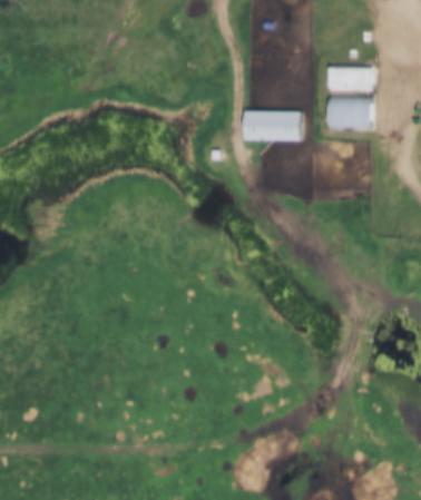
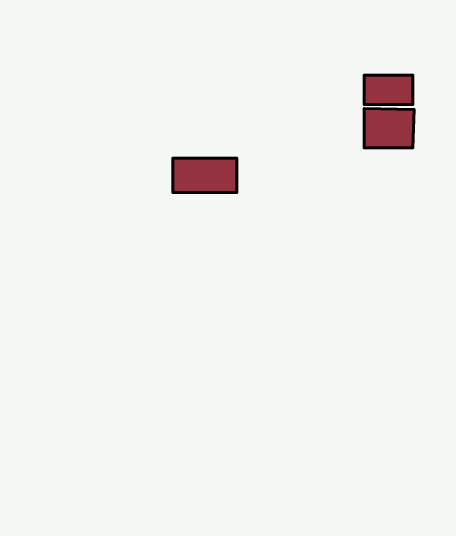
building: [244,110,300,140] -> [173,158,237,193]

